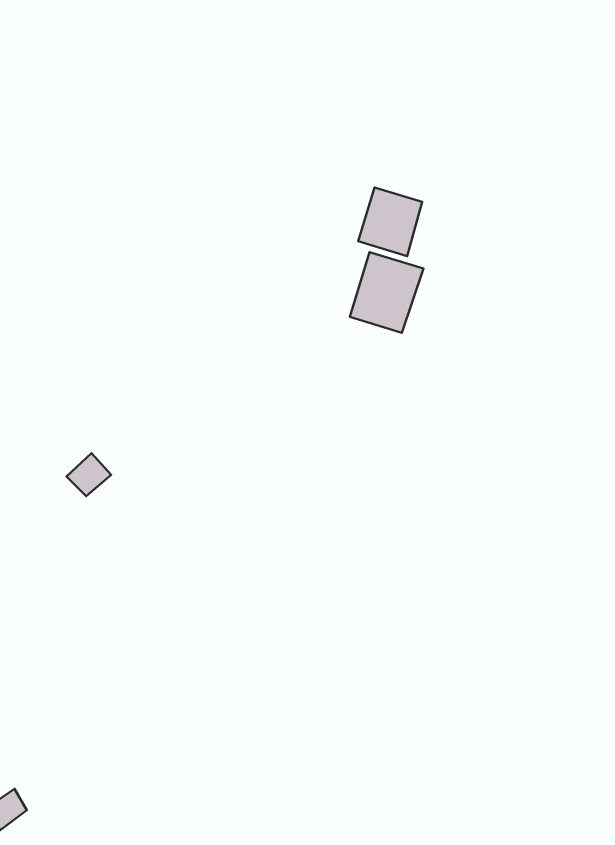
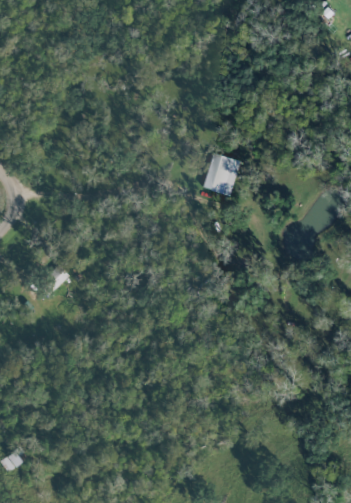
building: [358,187,422,256] -> none

